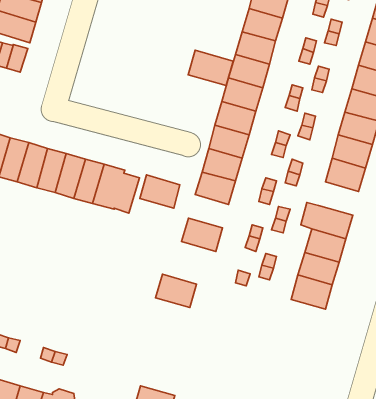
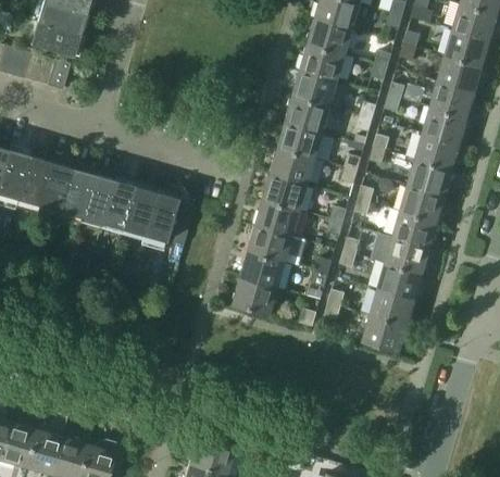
building: [188,50,233,86] -> none
building: [140,175,180,208] -> [248,225,292,262]
building: none -> [392,211,437,248]
building: [155,274,197,308] -> [233,277,278,314]

